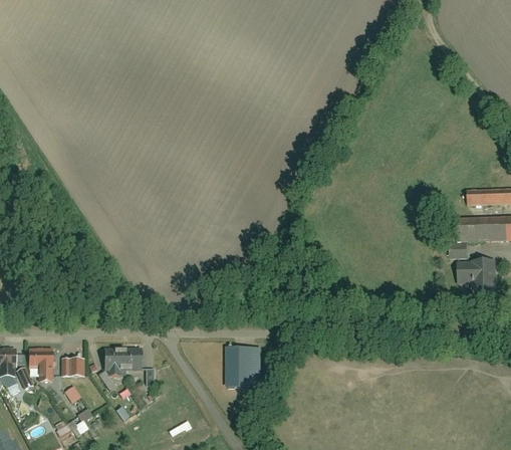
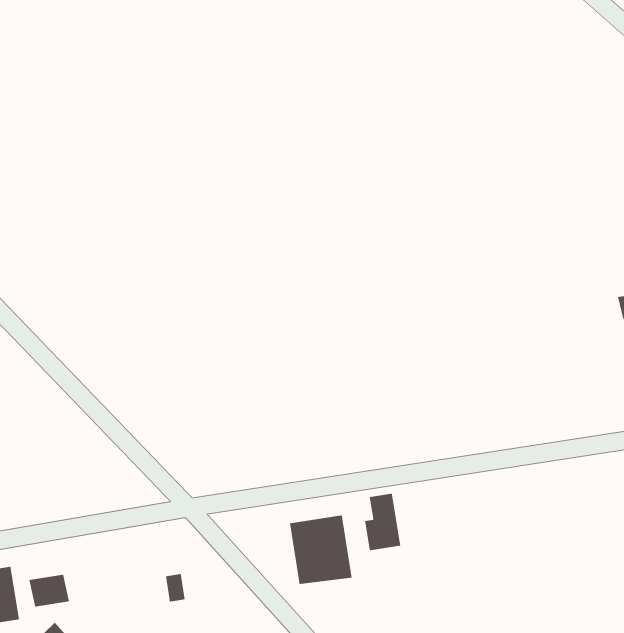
building: none -> [365,493,401,551]
building: [103,349,141,375] -> none

